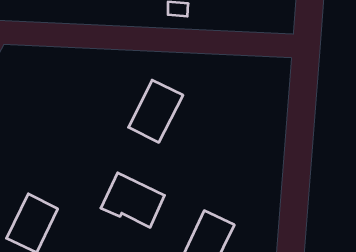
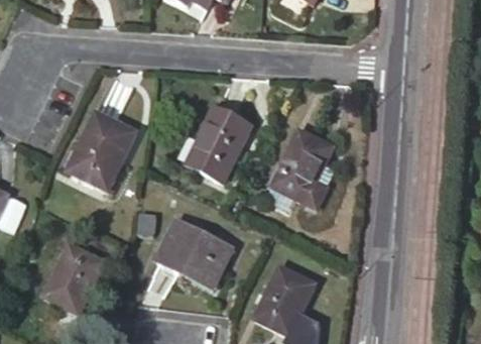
building: none -> [68,112,137,191]
building: none -> [272,131,334,208]

